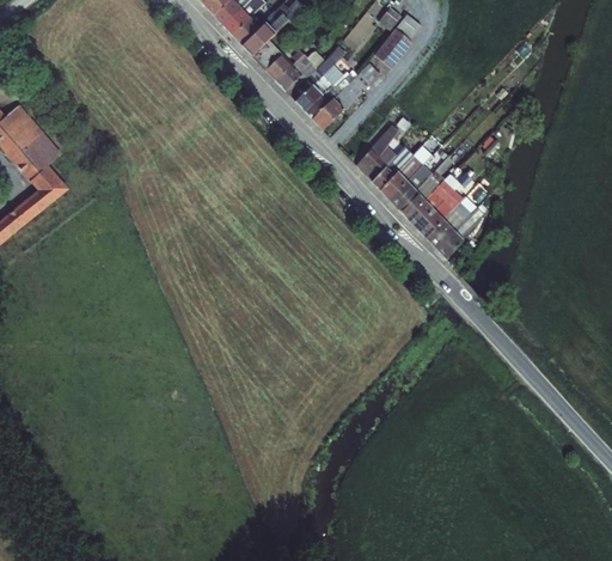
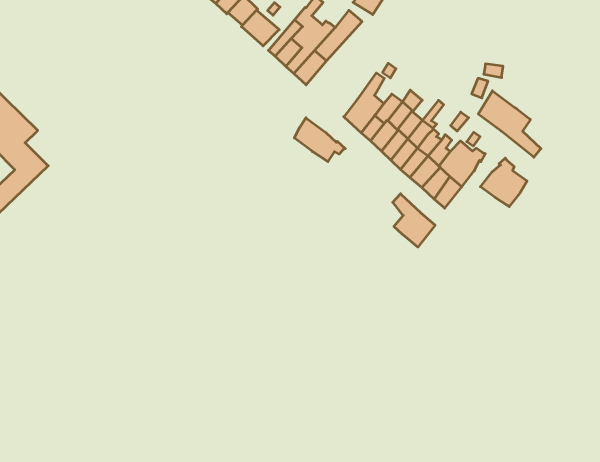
building: none -> [478,91,541,157]
building: none -> [294,118,345,162]
building: none -> [480,158,527,207]
building: none -> [393,194,435,247]

